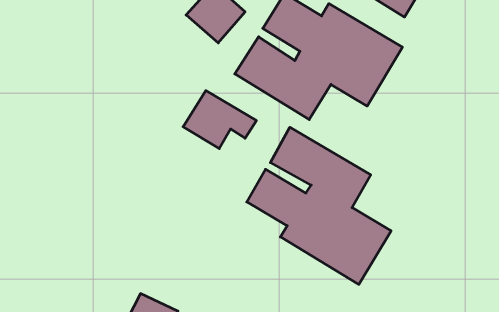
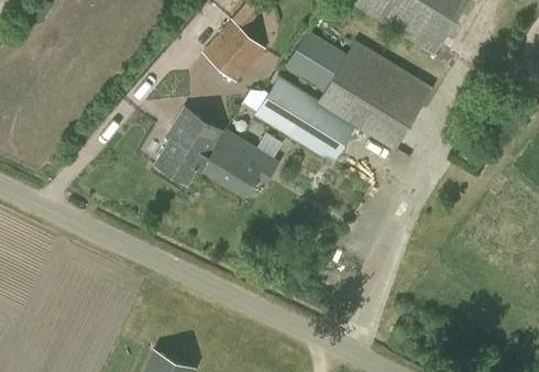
building: none -> [156,109,223,184]
building: [247,127,391,284] -> none

